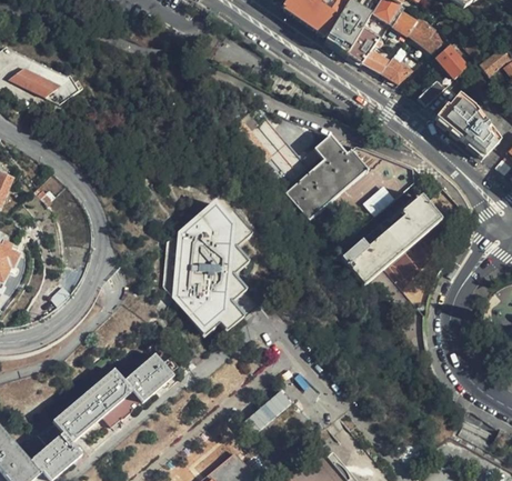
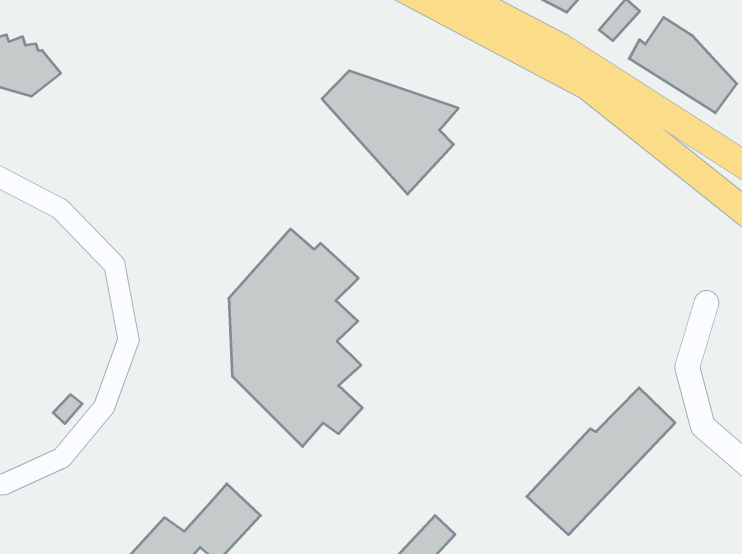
building: [285,137,413,219] -> none
building: [342,197,440,283] -> [527,388,675,535]

